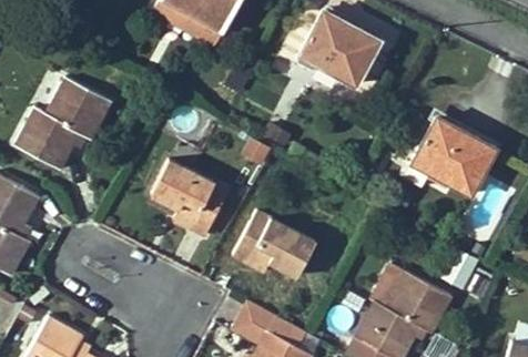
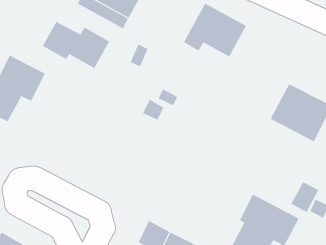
building: none -> [42,21,110,69]
building: [154,160,227,234] -> none
building: [234,211,315,277] -> none

